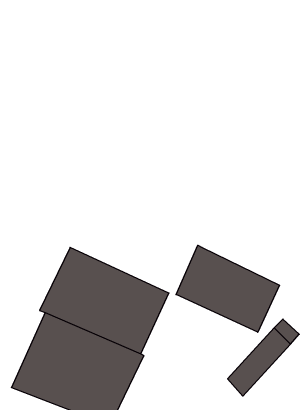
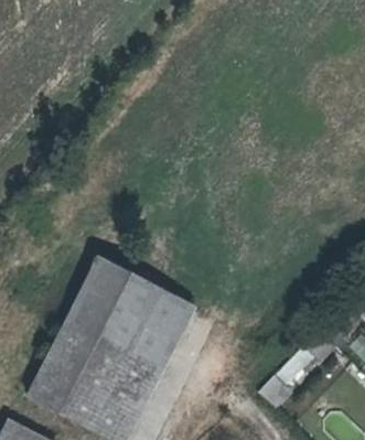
building: [176,245,279,332] -> none

